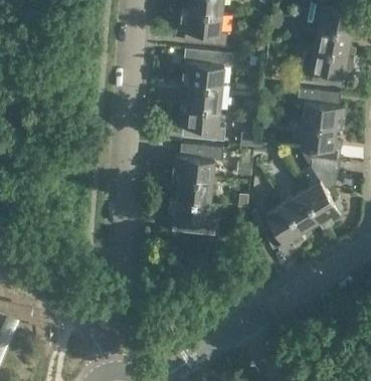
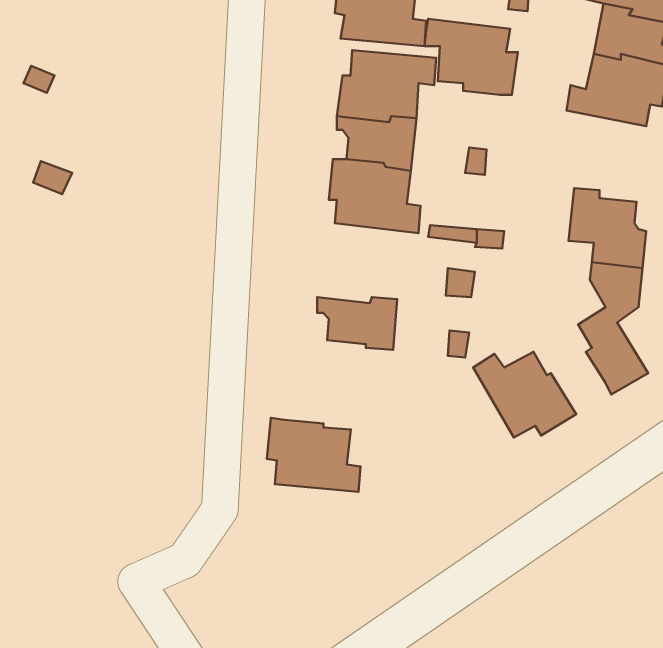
building: [298,87,346,127] -> [424,19,518,95]
building: [172,144,223,179] -> none
building: [284,190,321,236] -> none
building: [168,197,216,235] -> [267,418,360,492]

